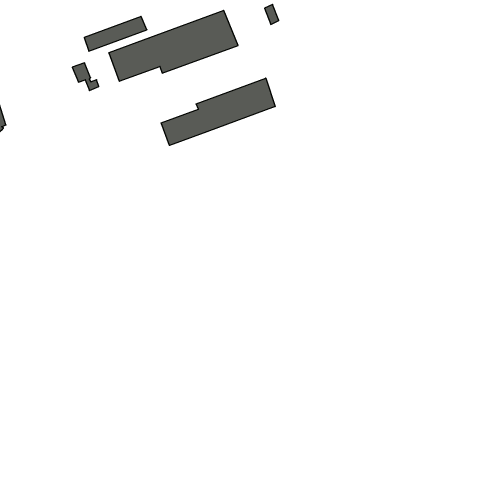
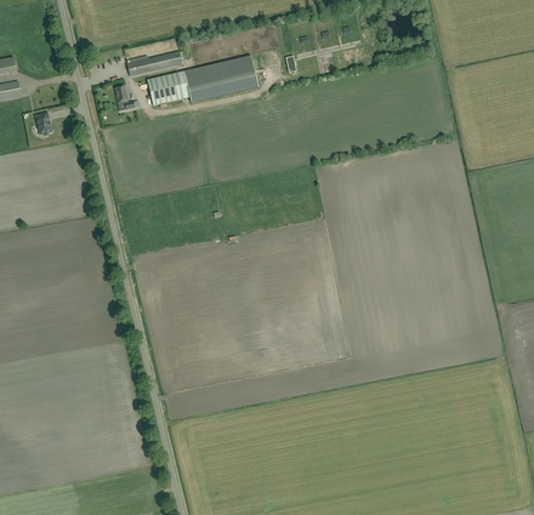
building: [161,78,275,145] -> none

